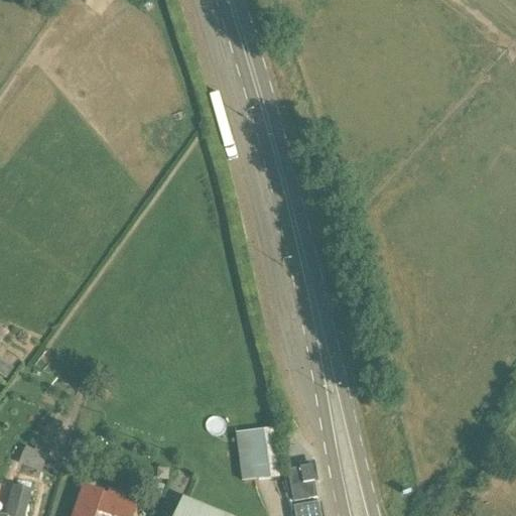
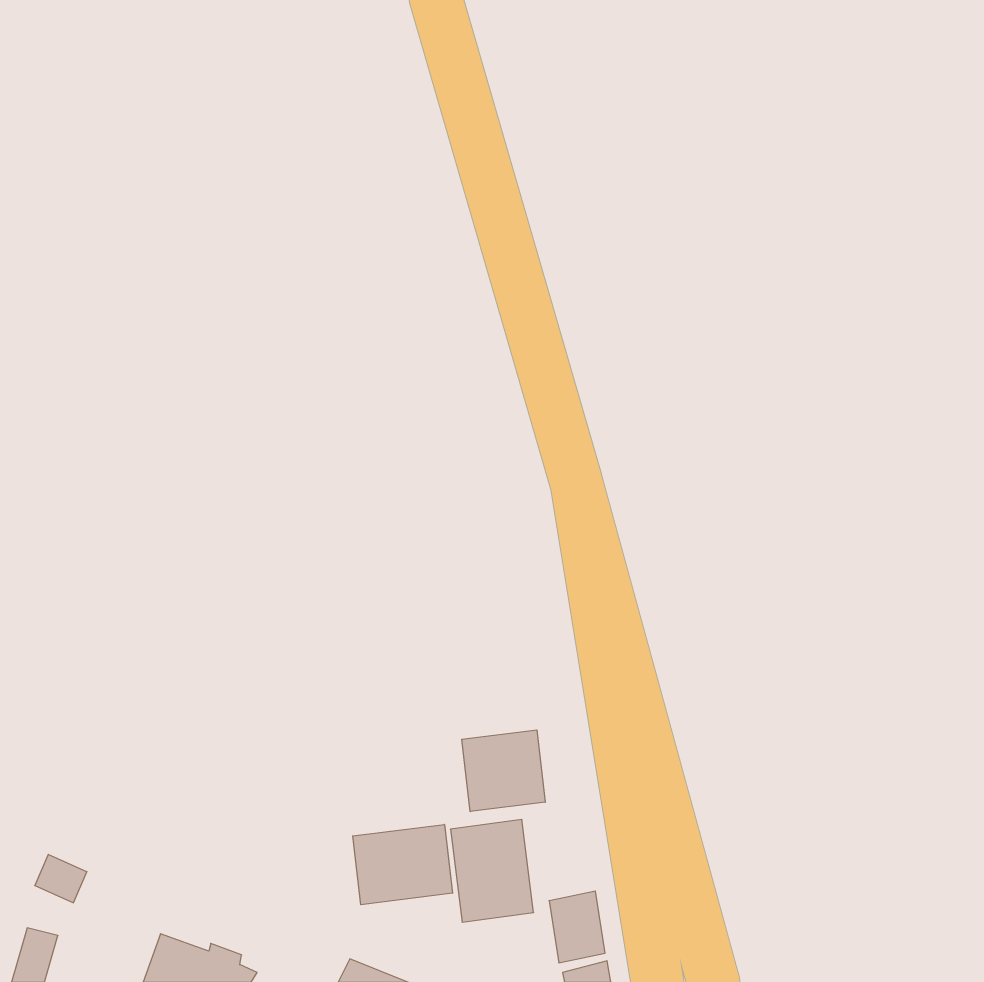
building: none -> [462,730,545,812]
building: none -> [353,824,452,905]

